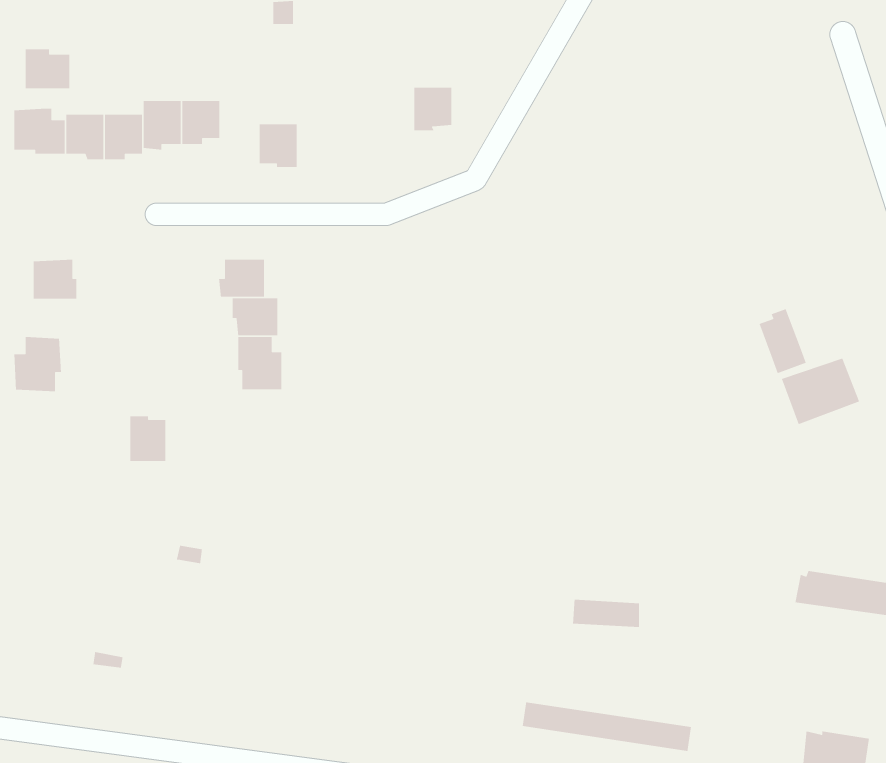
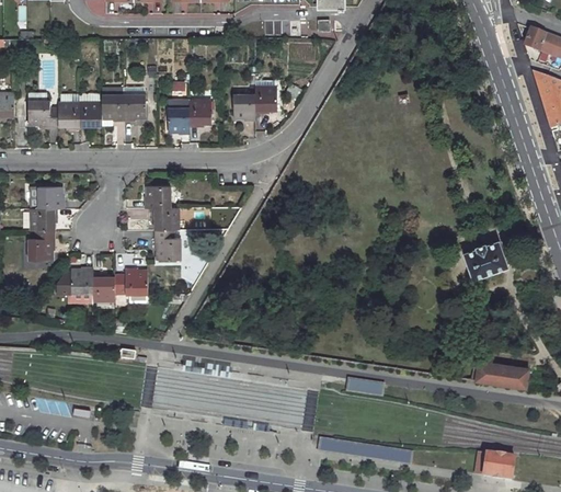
building: [25,49,70,89] -> none
building: none -> [232,94,254,121]
building: none -> [188,100,210,126]
building: none -> [31,208,57,230]
building: [758,308,807,374] -> none
building: none -> [70,266,93,293]
building: none -> [114,268,147,294]

